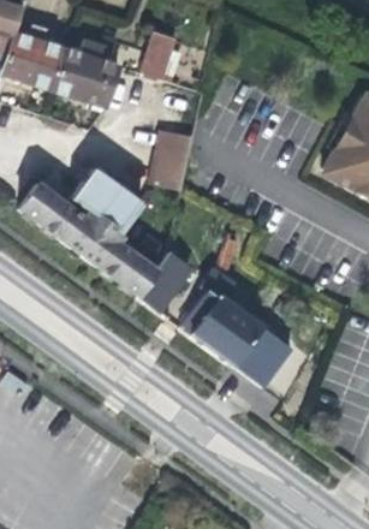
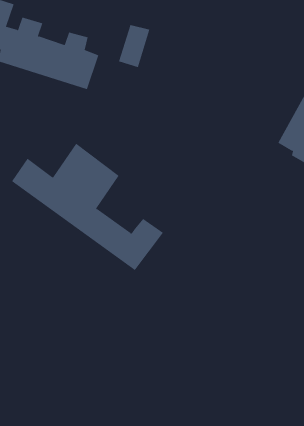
building: [151,130,194,190] -> none
building: [181,238,292,387] -> none

